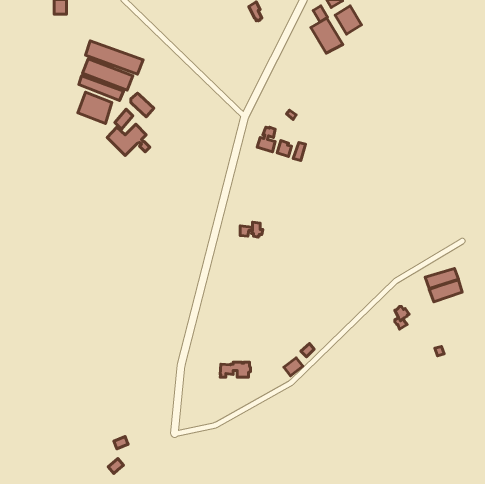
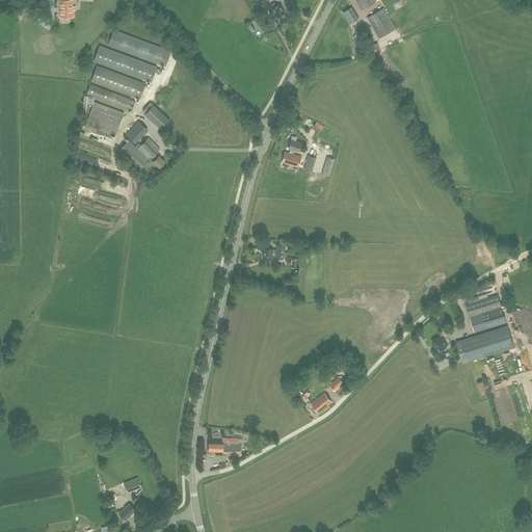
building: [311,18,343,53] -> none
building: none -> [108,29,170,65]
building: none -> [456,325,514,361]
building: [220,362,250,377] -> [208,437,241,454]

